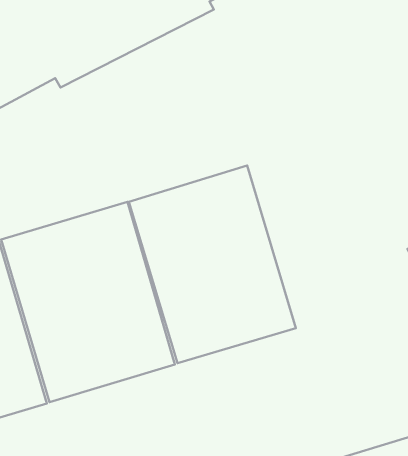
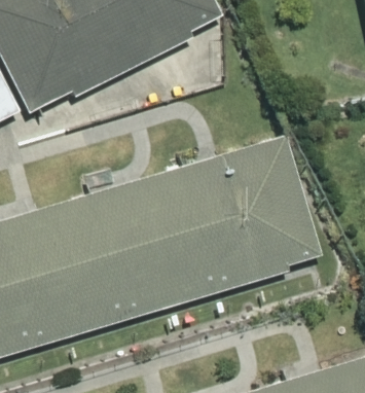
building: none -> [222,136,323,280]

